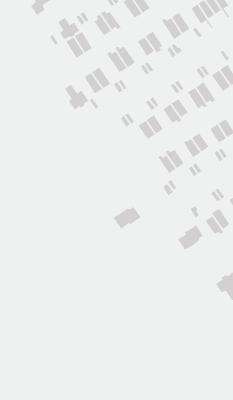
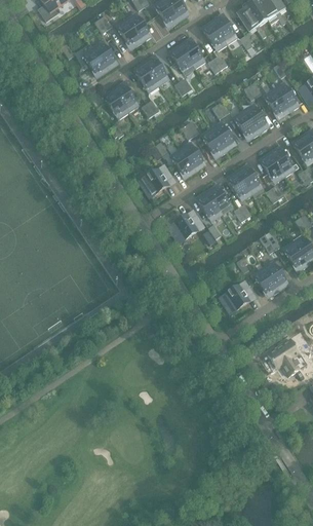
building: [57,17,80,40] -> none
building: [64,84,89,110] -> none
building: none -> [141,163,173,196]
building: [112,206,141,229] -> [167,212,203,240]

